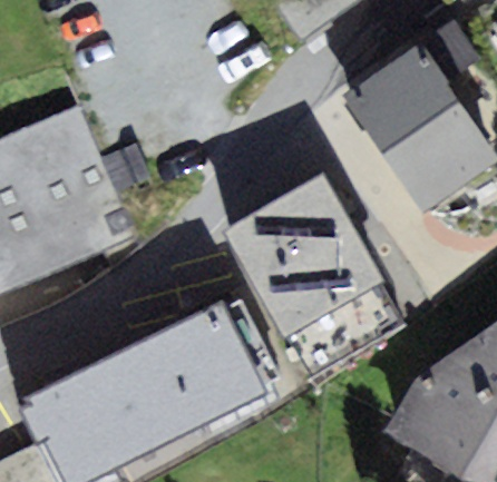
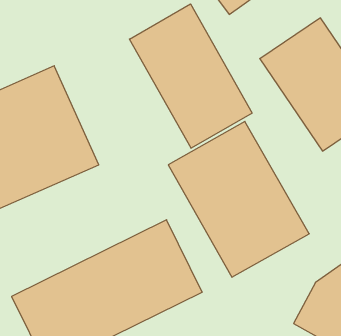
building: none -> [129,4,252,148]

